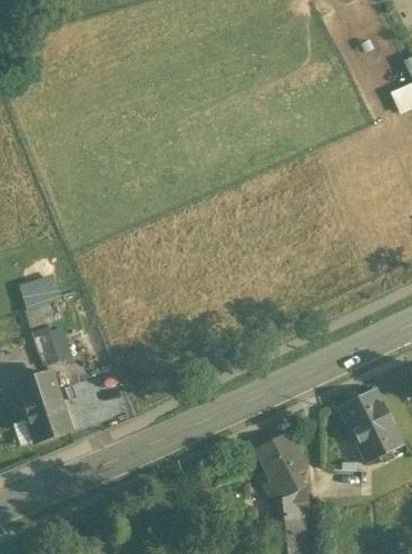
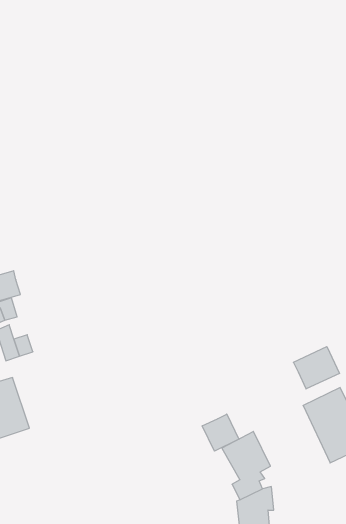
building: none -> [293,347,339,389]
building: none -> [202,414,239,451]

